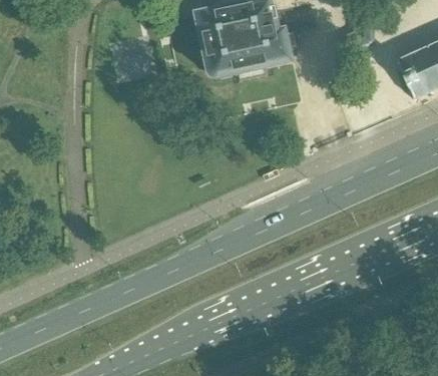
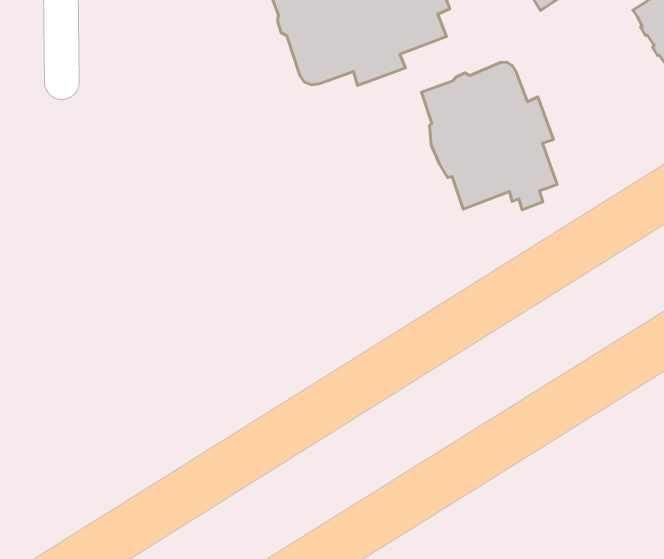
building: none -> [421,62,557,210]

